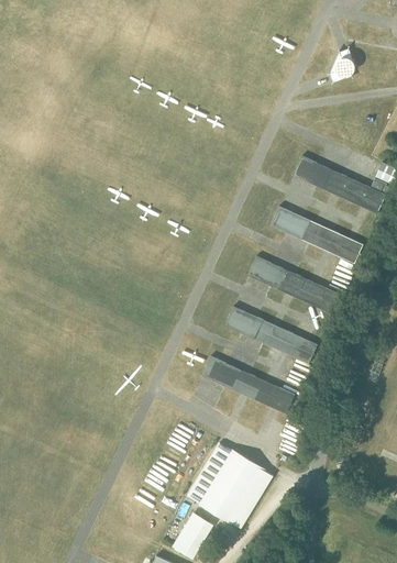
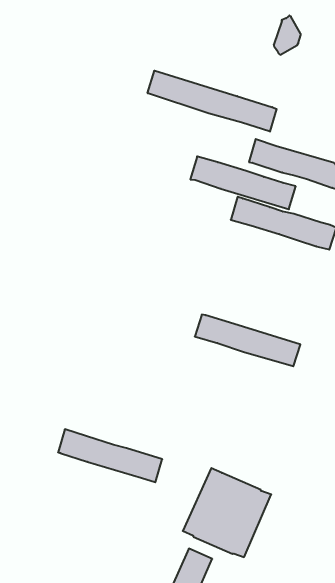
building: none -> [148,71,277,132]
building: [247,255,341,313] -> [190,156,296,209]
building: [202,355,295,413] -> [58,429,162,482]

